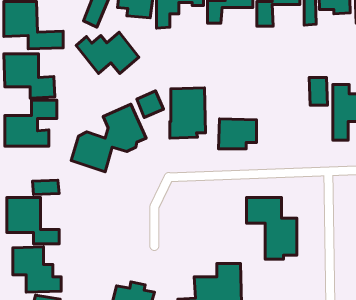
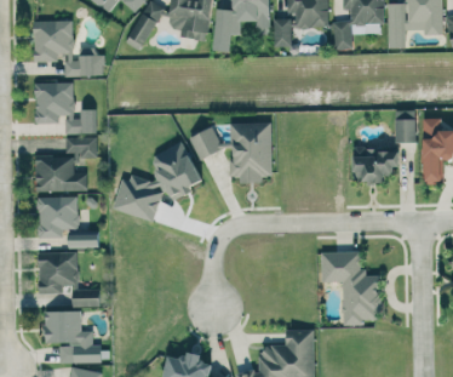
building: [76,32,139,73] -> none
building: [219,119,256,149] -> [352,148,397,183]
building: none -> [38,196,79,238]

